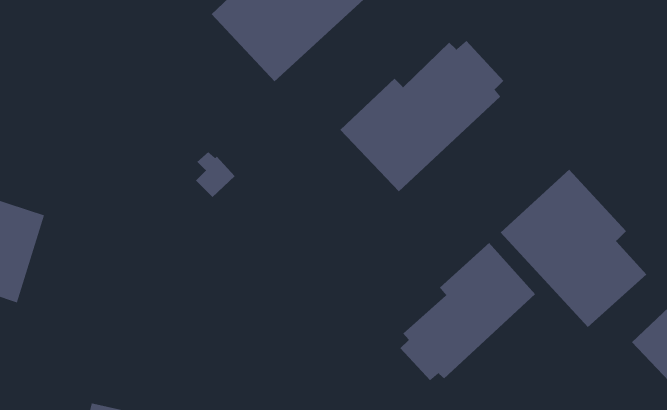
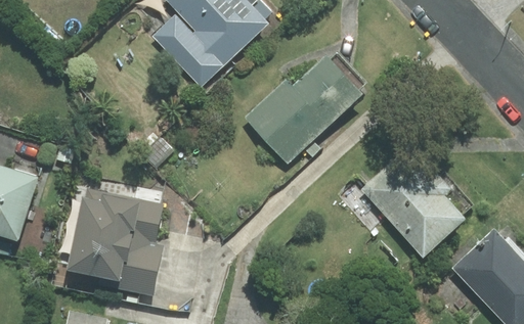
building: none -> [67,189,162,295]
building: [400,242,536,381] -> none

